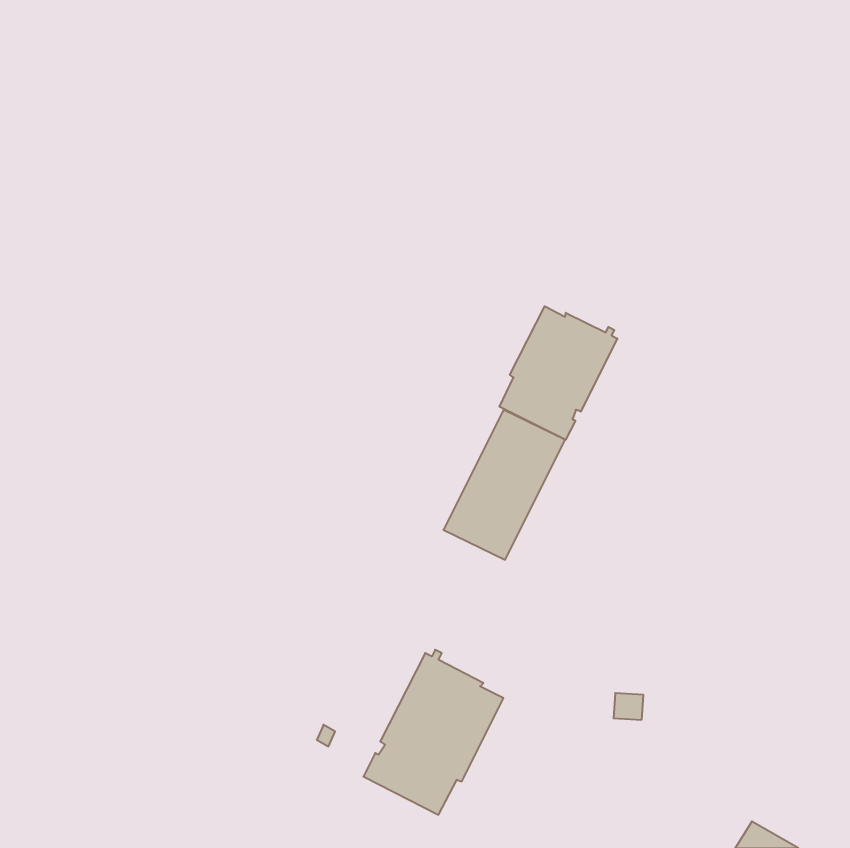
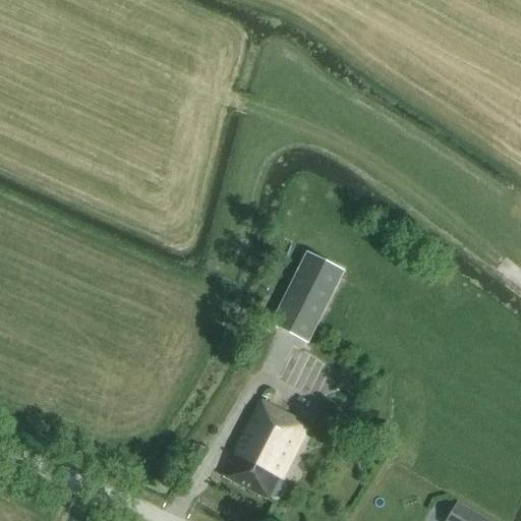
building: [499,306,617,440] -> none

